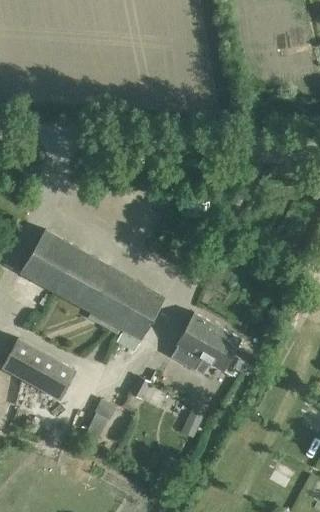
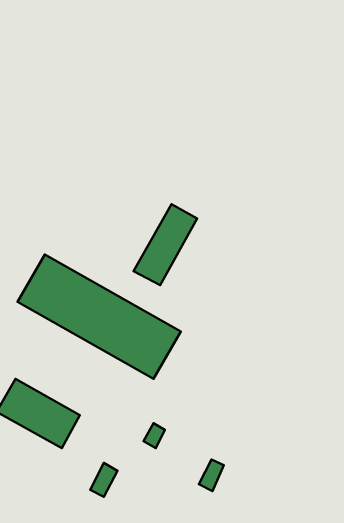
building: none -> [133,204,197,285]
building: [171,314,241,375] -> none

